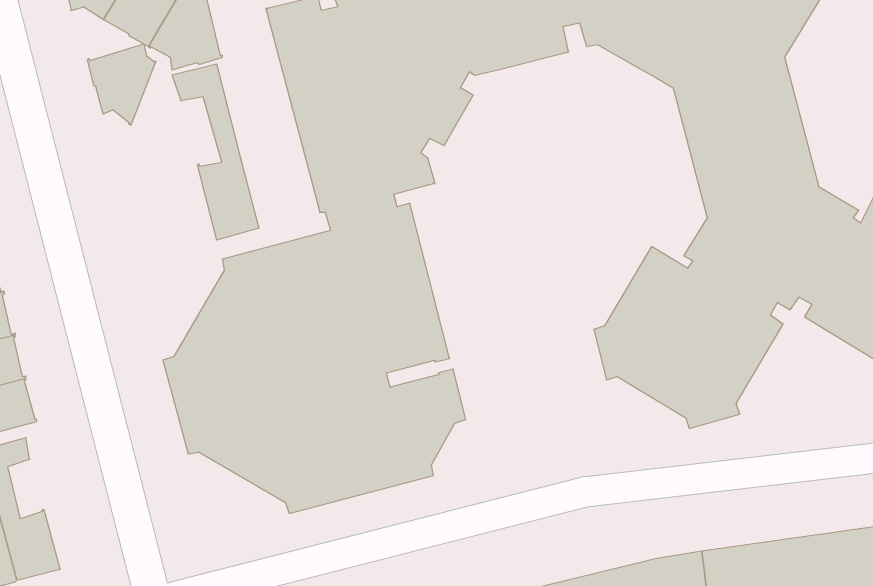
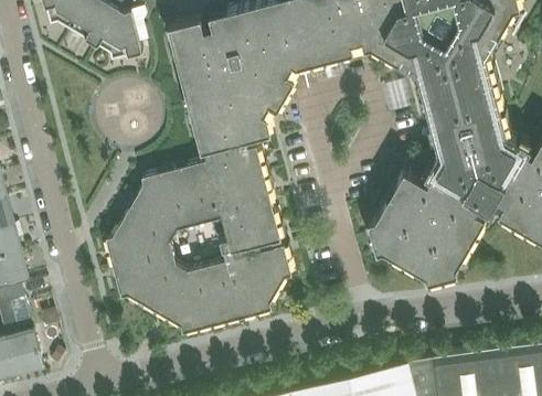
building: [88,44,156,125] -> none
building: [172,64,259,240] -> none

